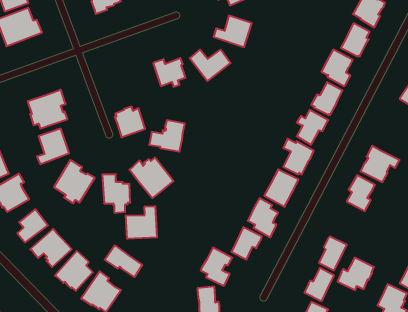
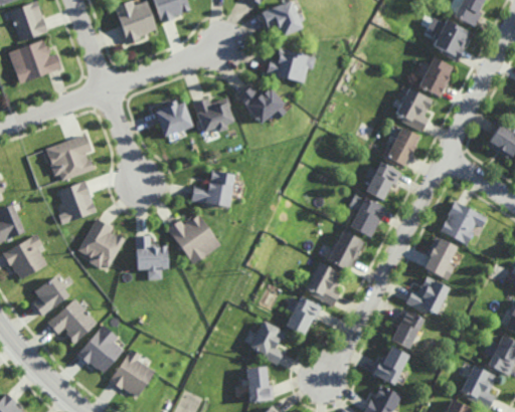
building: [115,107,145,137] -> [154,101,190,138]
building: [126,206,157,239] -> none
building: [105,245,142,277] -> none
building: [337,258,374,290] -> [406,276,450,315]

